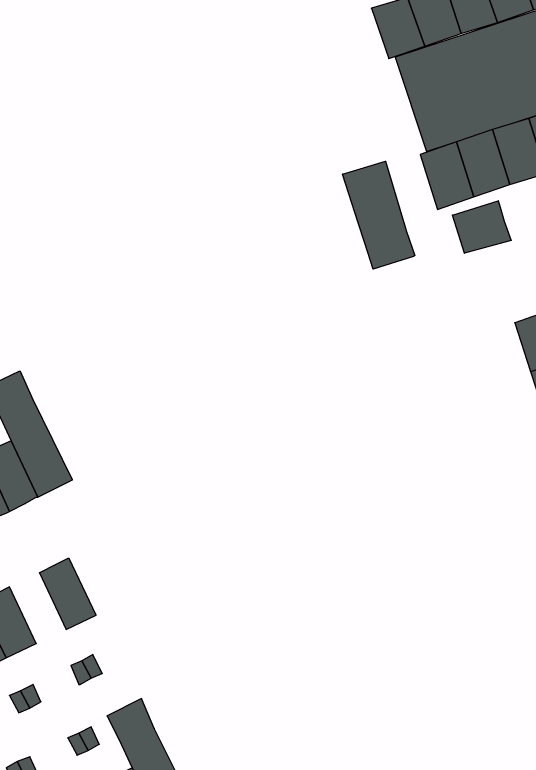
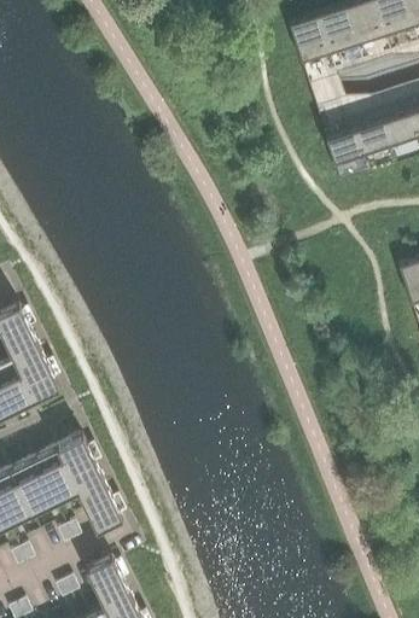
building: [343,161,415,269] -> none
building: [452,201,511,253] -> none
building: none -> [56,432,122,529]
building: none -> [10,456,53,511]

